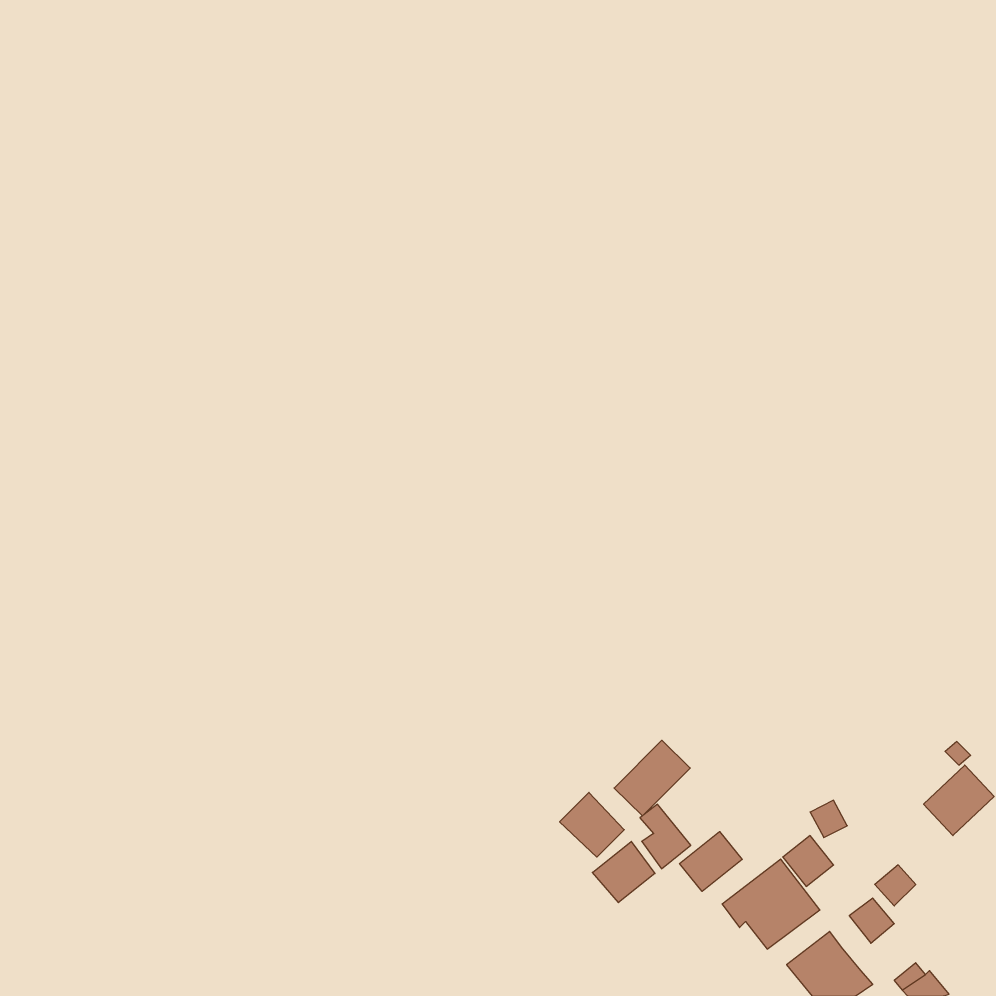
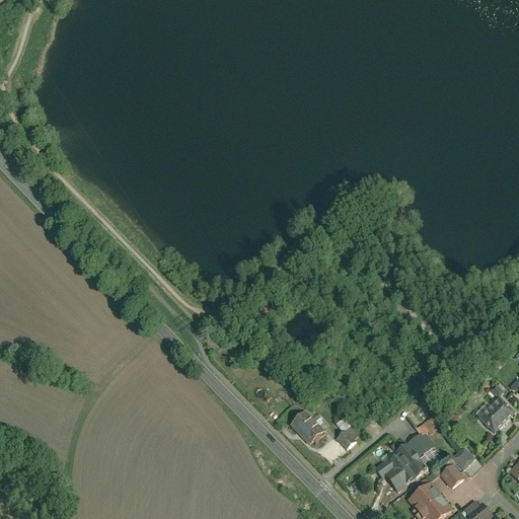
building: [614,740,690,816] -> none
building: [680,832,742,891] -> none
building: [592,841,655,903] -> none

